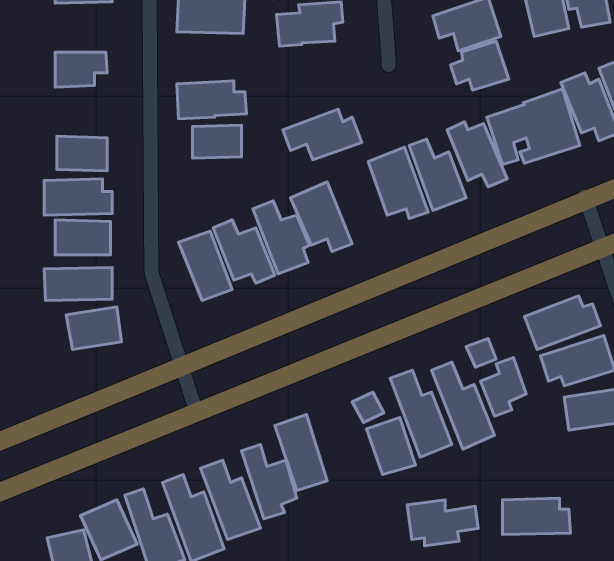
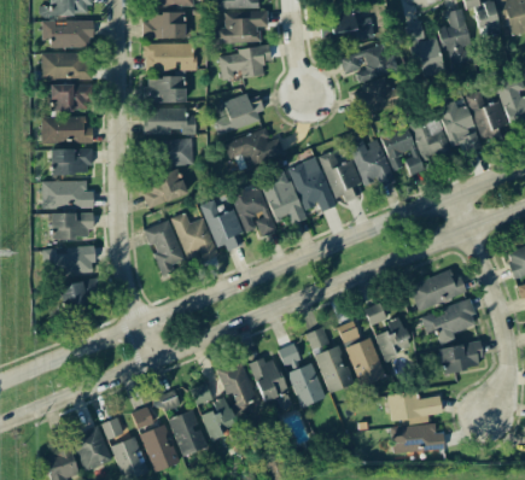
building: none -> [41,52,91,80]
building: none -> [144,78,185,103]
building: none -> [214,94,264,135]
building: none -> [41,116,88,144]
building: none -> [261,169,305,223]
building: none -> [141,170,187,207]
building: none -> [249,356,288,402]
building: [407,500,478,546] -> [389,391,443,426]

